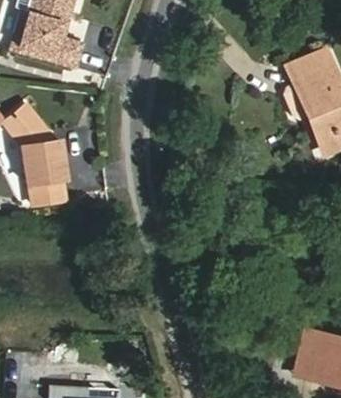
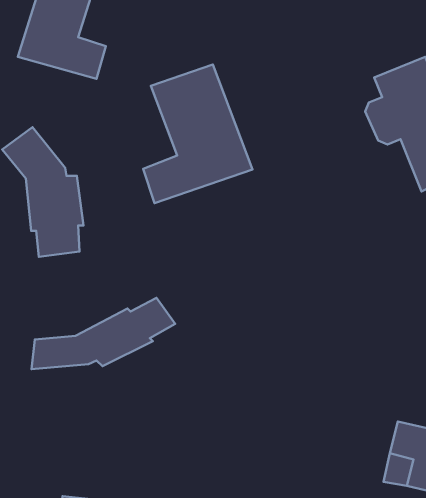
building: none -> [143,64,252,203]
building: none -> [32,298,175,369]

